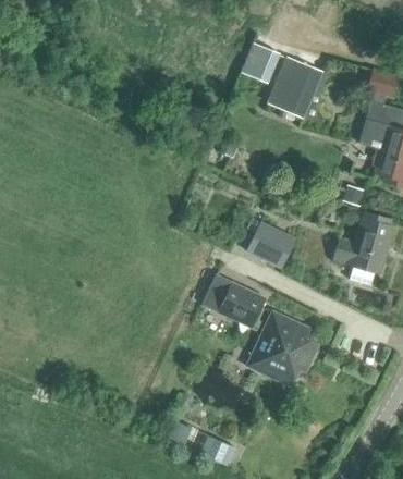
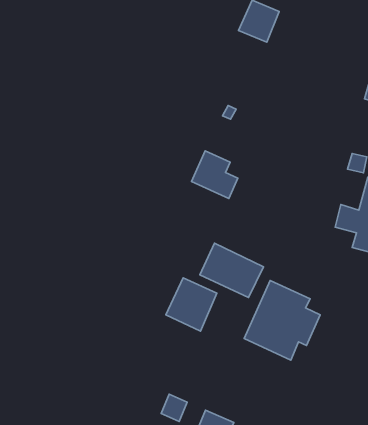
building: [267,58,322,116] -> none
building: [246,223,291,269] -> [191,151,238,199]
building: none -> [166,278,217,331]

